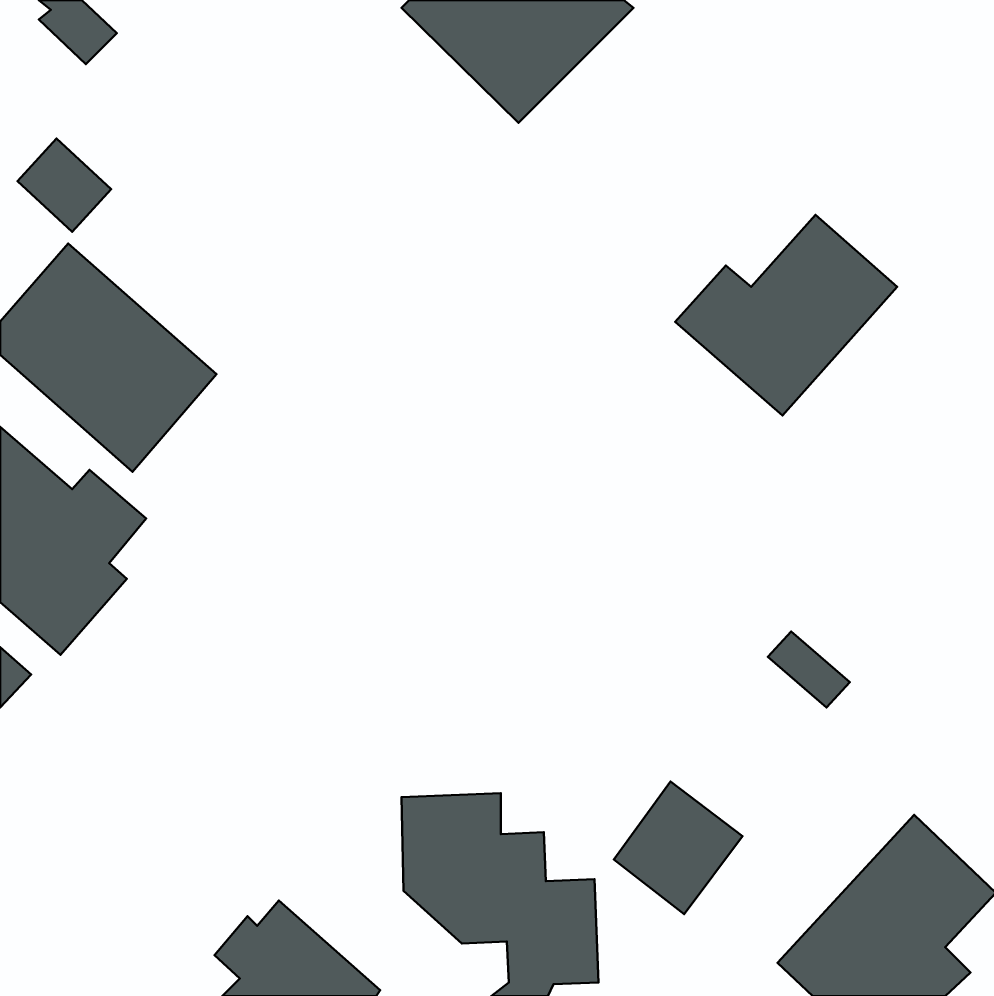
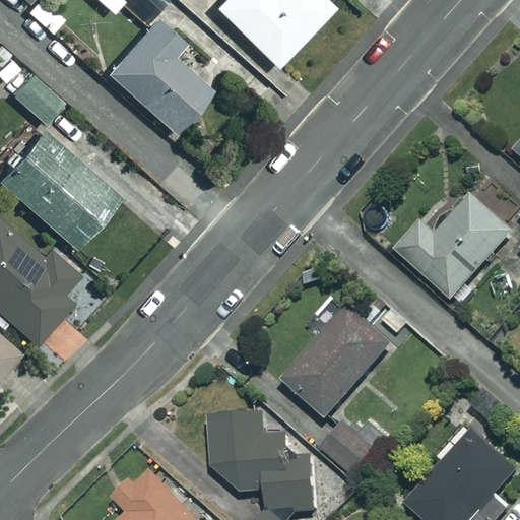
building: none -> [105,17,207,129]
building: [675,215,897,415] -> [396,194,512,299]
building: none -> [282,299,401,417]

